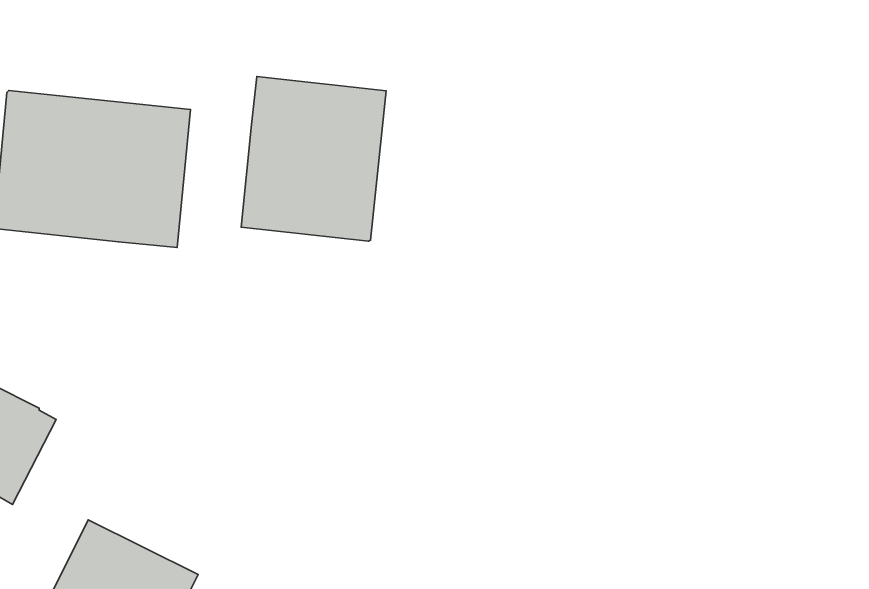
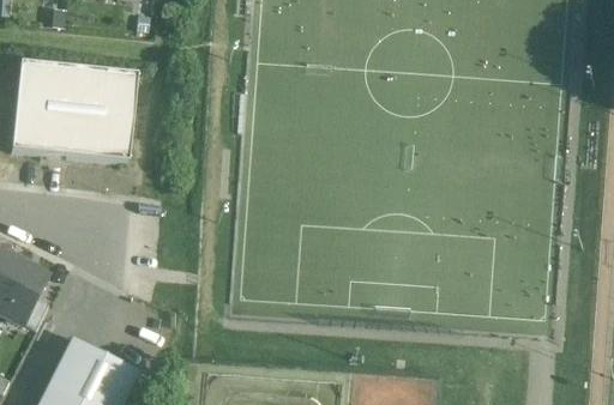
building: [241,77,386,241] -> none

